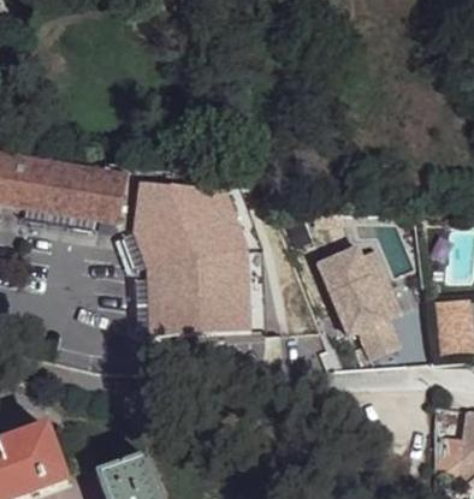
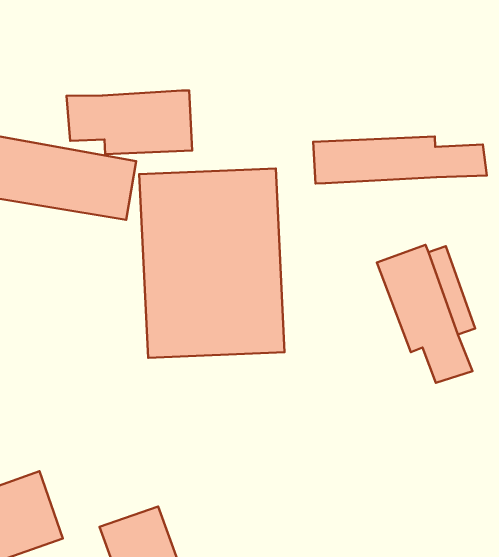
building: none -> [67,90,192,154]
building: none -> [313,137,487,184]

